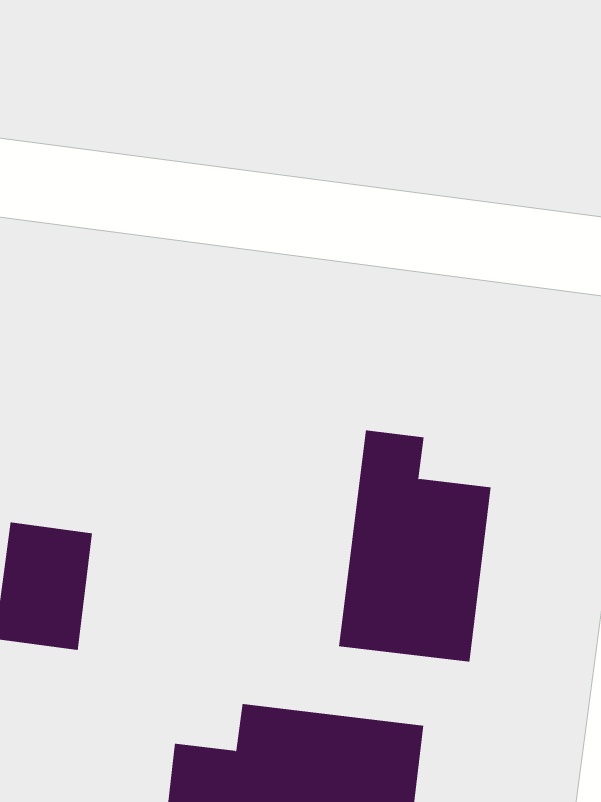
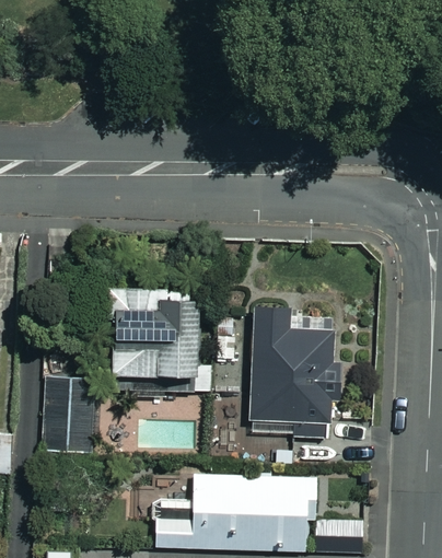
building: none -> [114,288,201,374]

